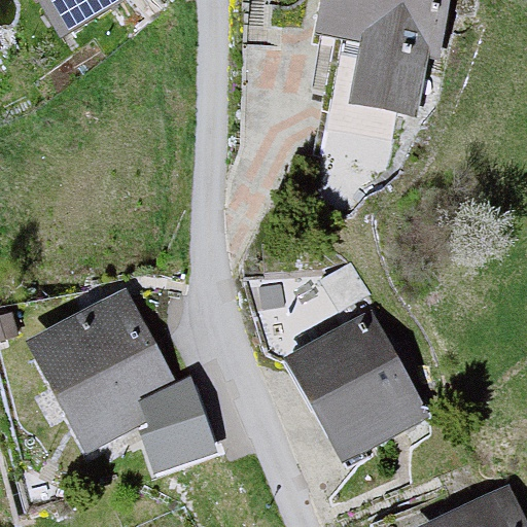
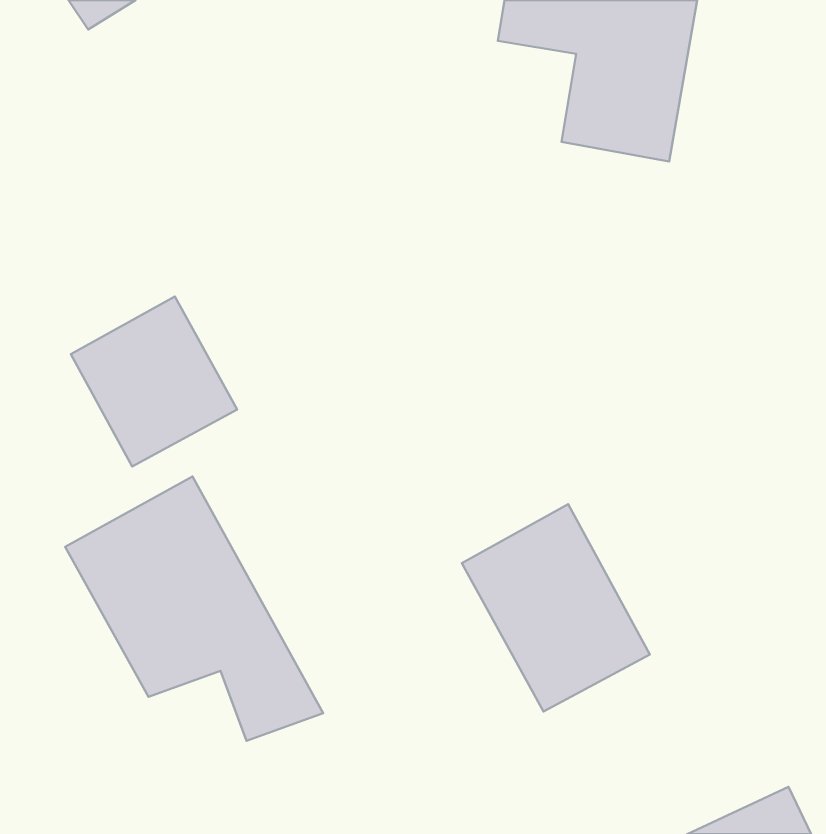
building: none -> [71,296,237,466]

